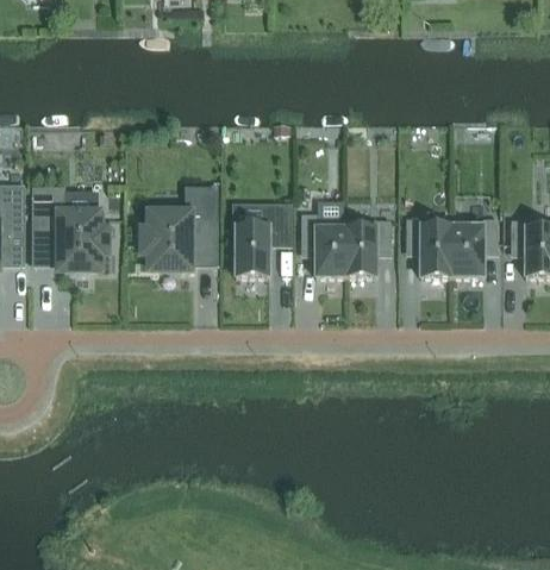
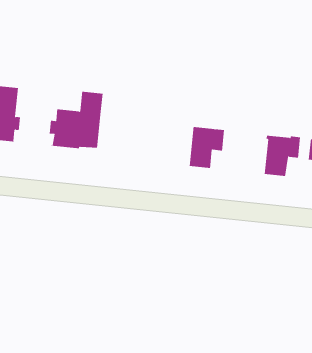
building: [236,207,288,276] -> none
building: [301,214,345,276] -> none
building: [406,219,451,276] -> none

